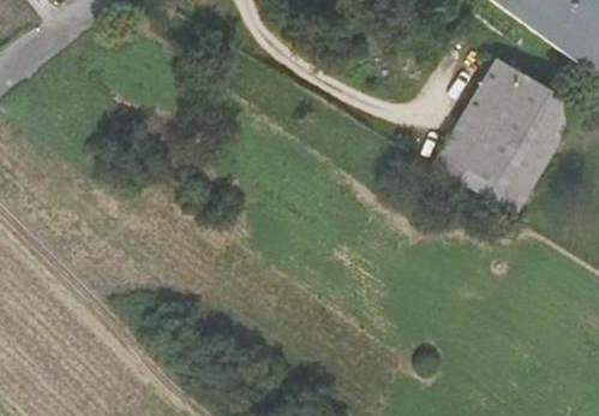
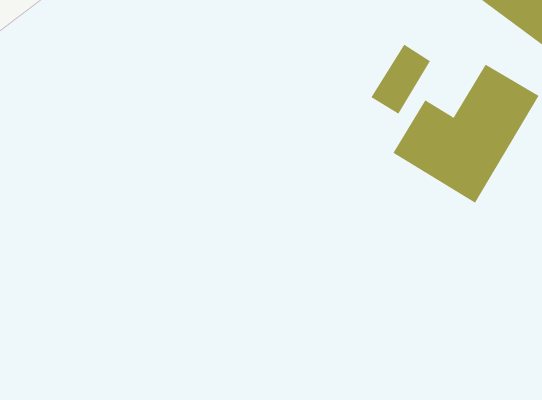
building: [467,66,526,135] -> [370,44,431,114]

